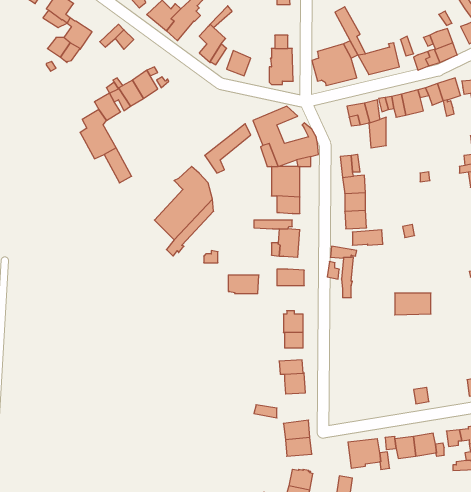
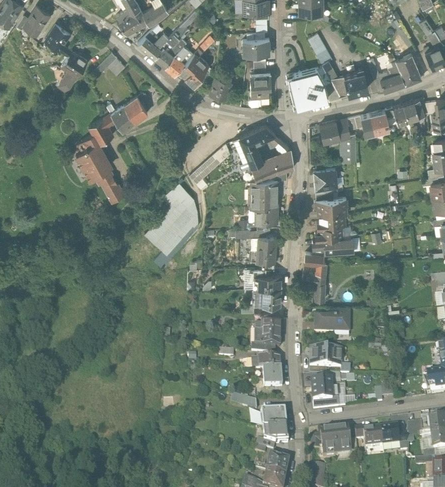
building: none -> [243,39,270,55]
building: none -> [165,45,193,77]
building: [228,275,259,294] -> [253,290,281,307]
building: [395,293,431,315] -> [316,313,349,333]
building: none -> [310,350,342,368]
building: none -> [313,381,332,403]

